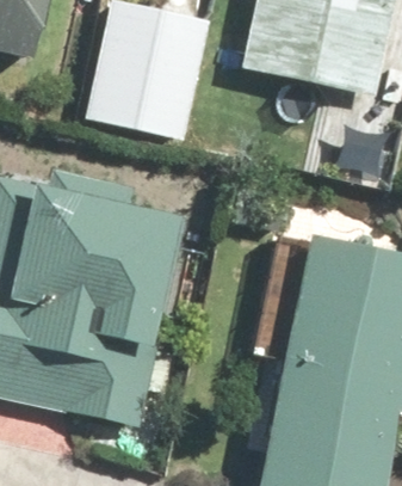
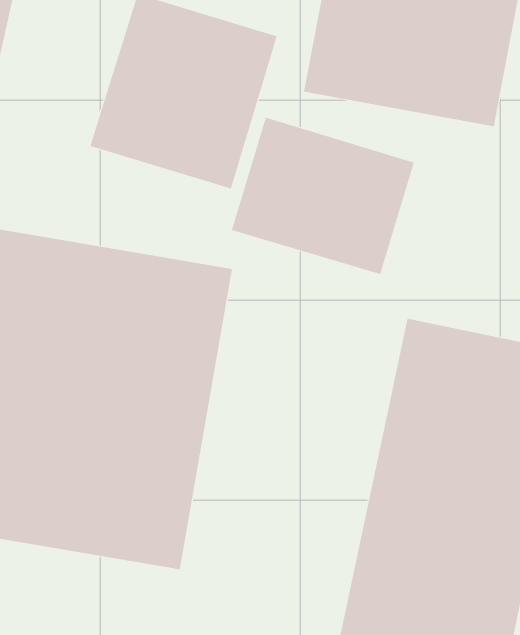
building: none -> [231,117,414,275]

